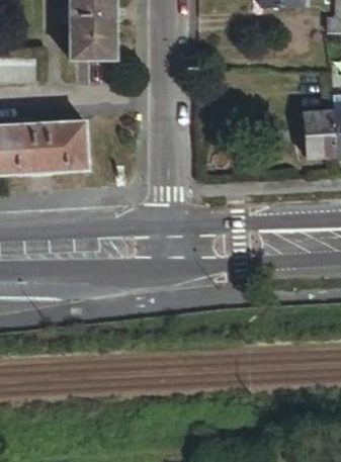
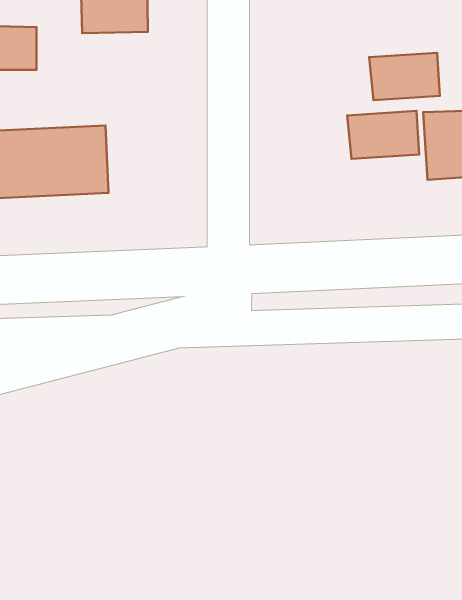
building: none -> [369,53,440,100]
building: none -> [347,111,419,159]

